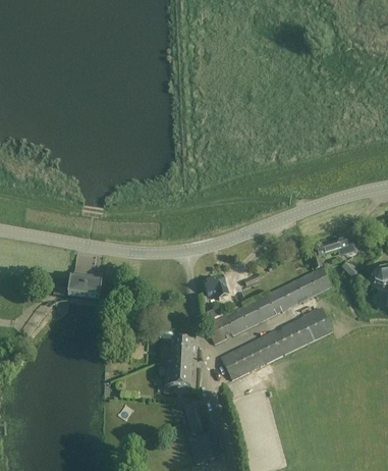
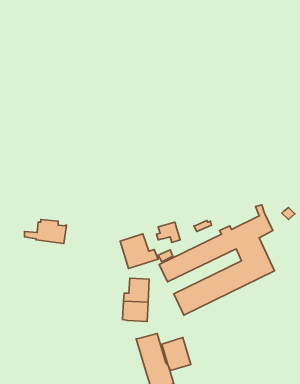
building: [318,237,356,255] -> none
building: none -> [120,234,158,268]
building: none -> [162,338,191,371]

